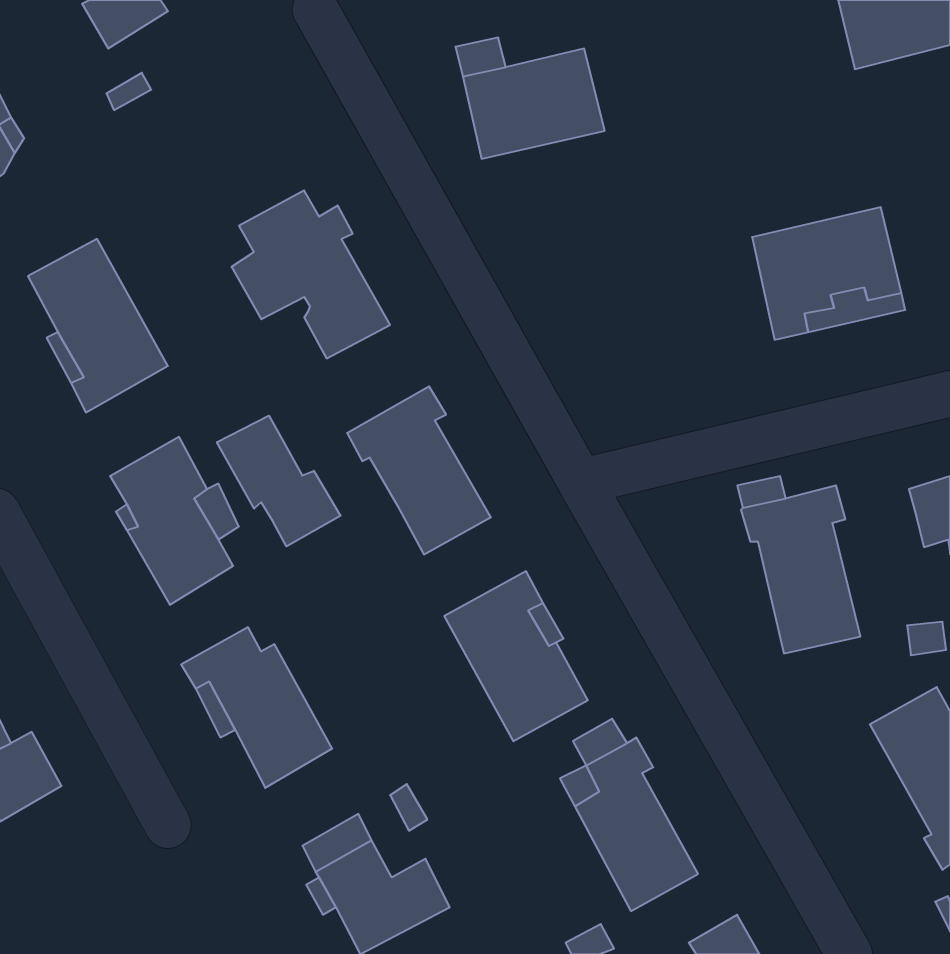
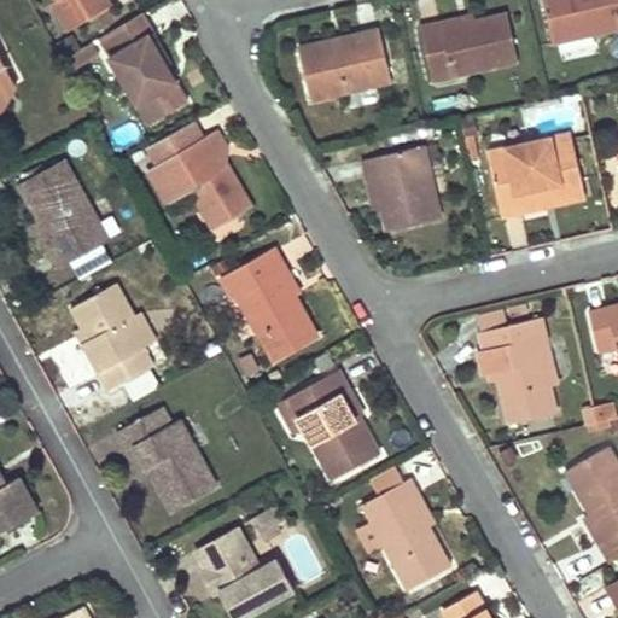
building: none -> [111,16,188,126]
building: none -> [419,17,518,82]
building: none -> [366,147,441,231]
building: [217,416,341,546] -> none

